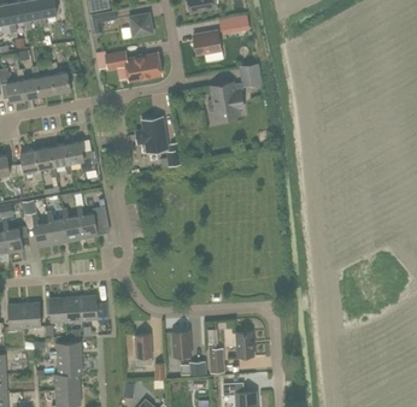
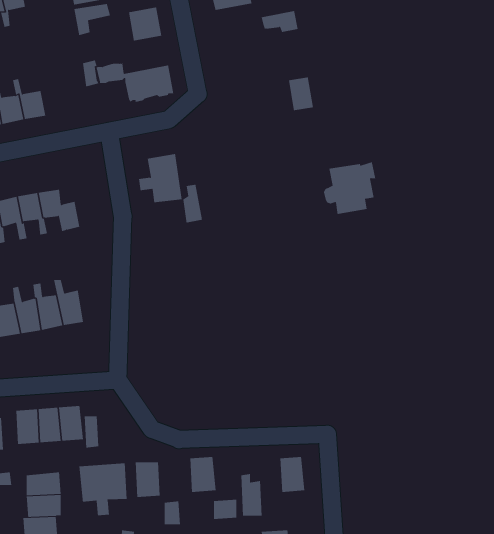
building: [193,30,223,60] -> none
building: [207,81,245,118] -> [323,162,376,214]
building: none -> [79,462,127,516]

